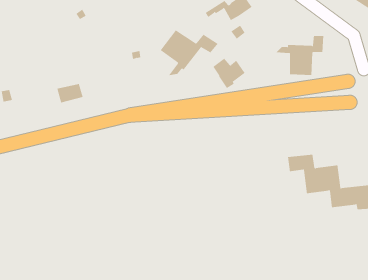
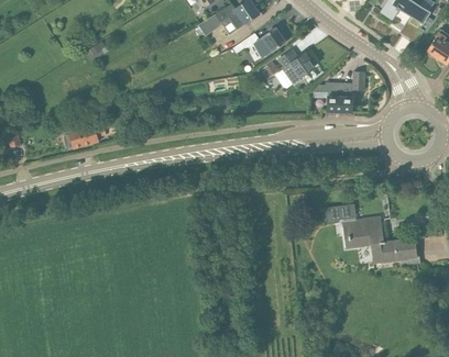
building: [160,30,219,76] -> none
building: [213,58,245,89] -> [278,49,315,83]

